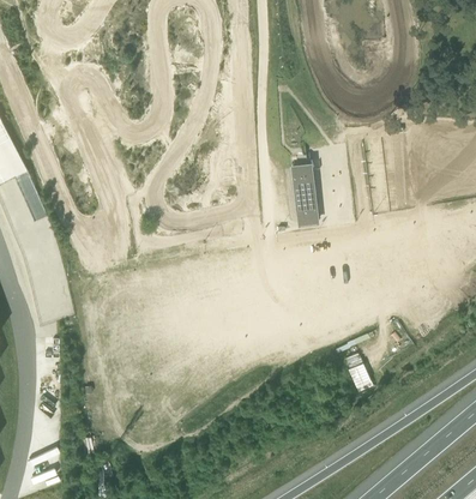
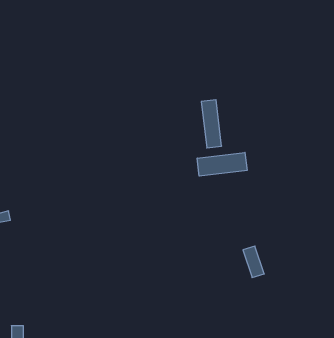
building: none -> [197,152,247,176]

